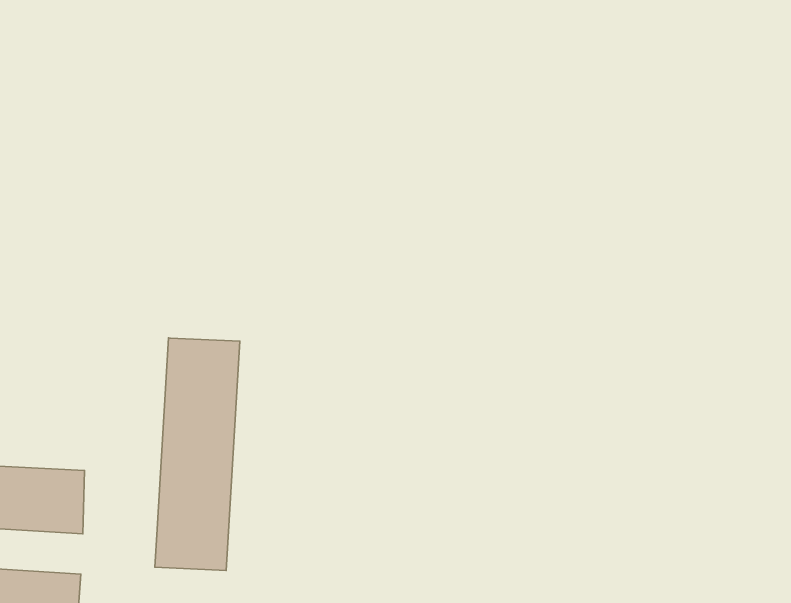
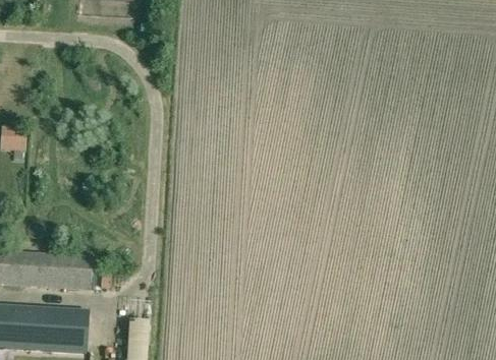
building: [155,338,240,571] -> none

